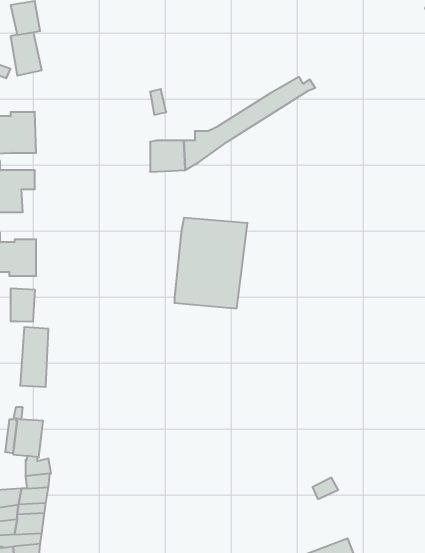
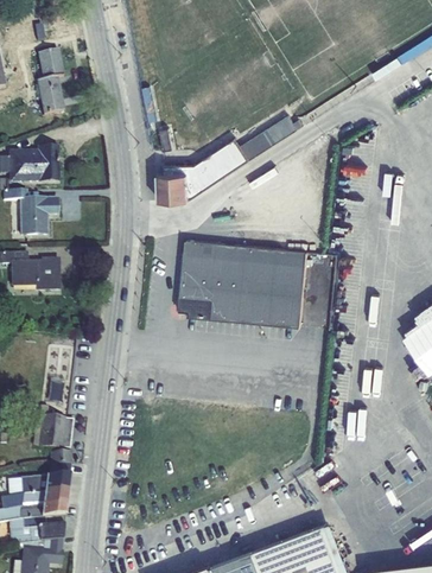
building: none -> [235,246,307,327]
building: [11,288,35,322] -> none

